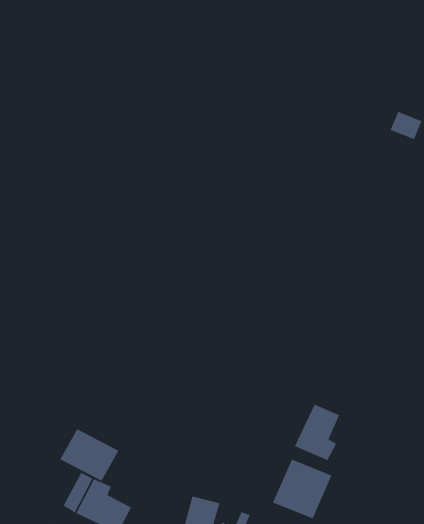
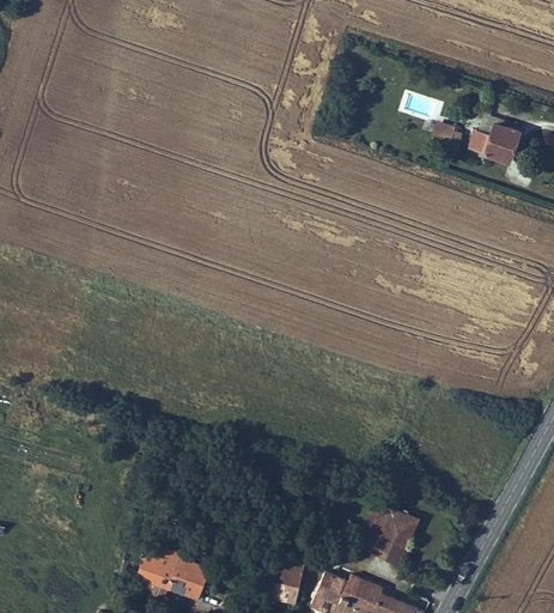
building: [294,403,340,461] -> none
building: [59,428,120,482] -> none

